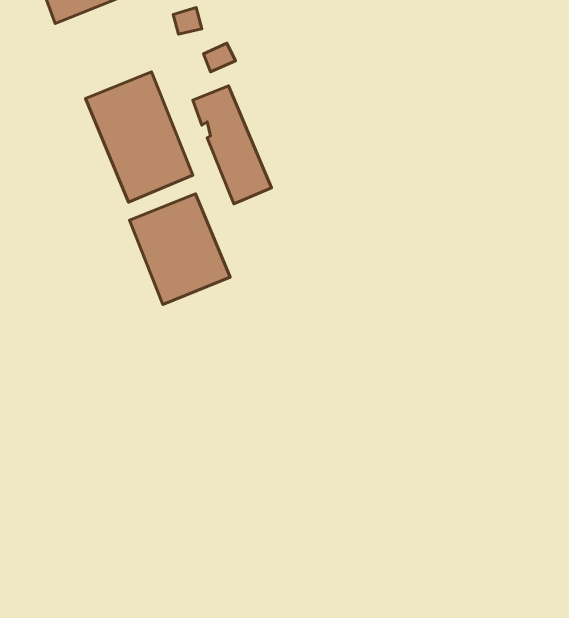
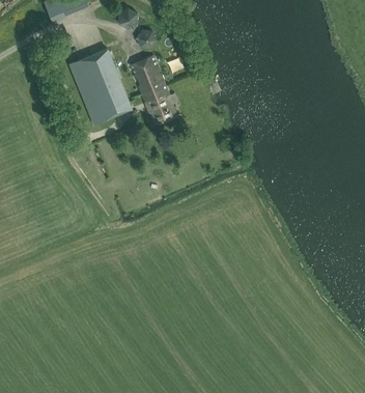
building: [130,194,230,304] -> none

